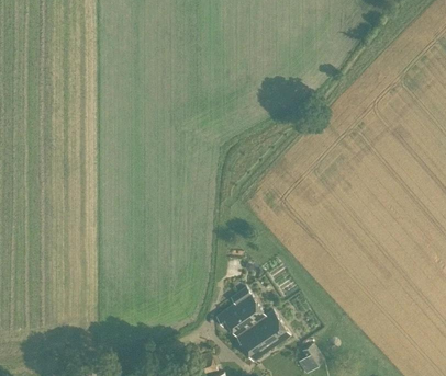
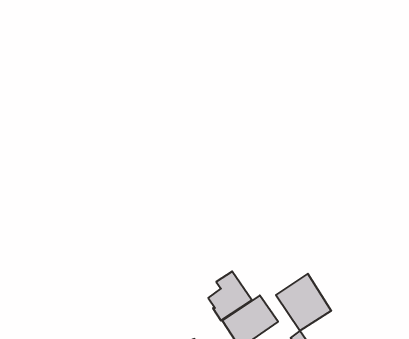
building: none -> [276,274,331,331]

